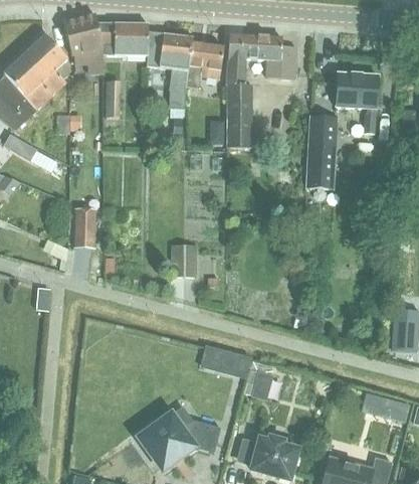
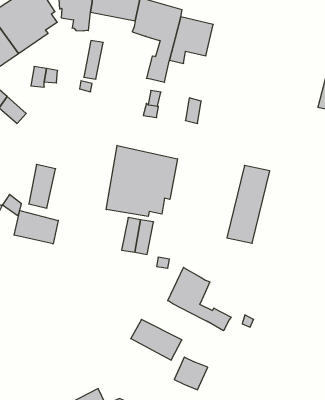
building: [225,34,295,148] -> none
building: [306,117,337,190] -> [227,165,270,243]
building: none -> [106,145,177,216]
building: none -> [14,210,58,244]
building: none -> [168,267,231,331]

